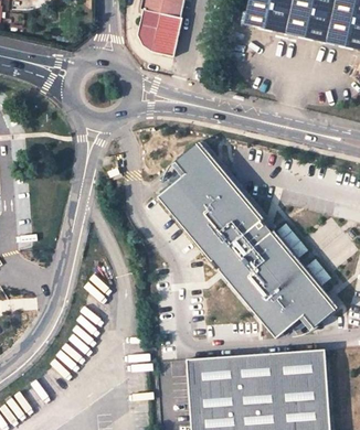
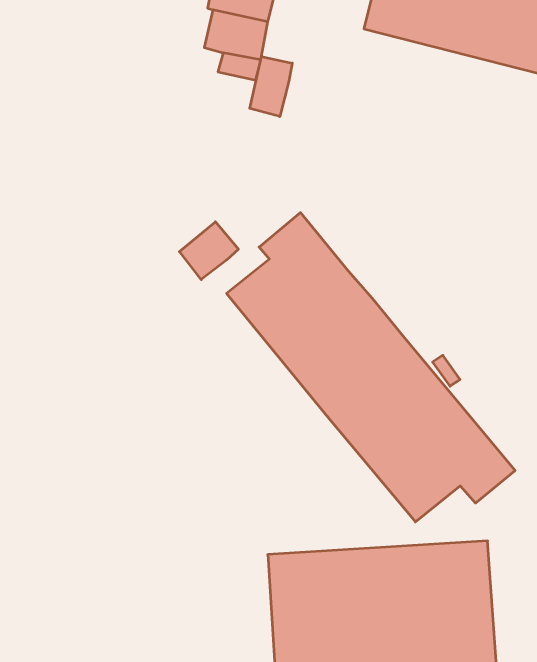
building: none -> [250,56,292,117]
building: none -> [179,222,238,280]

